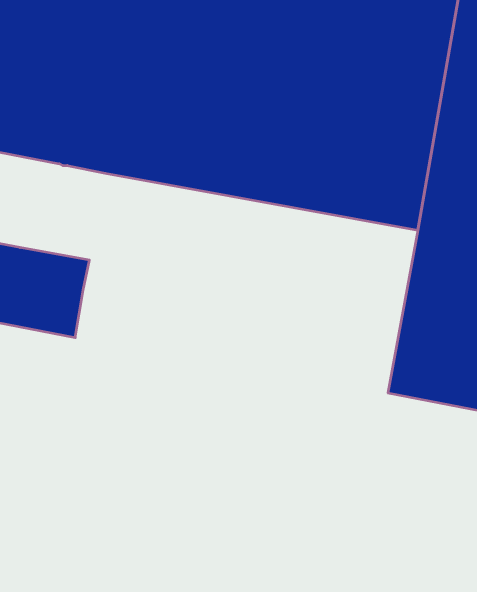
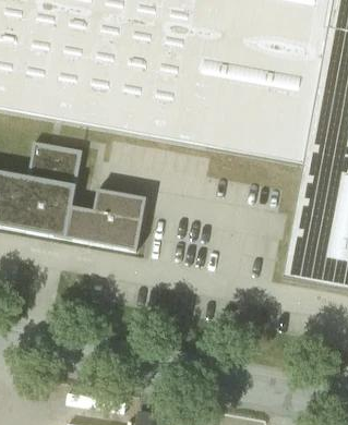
building: none -> [27,141,82,185]
building: none -> [65,189,145,251]

